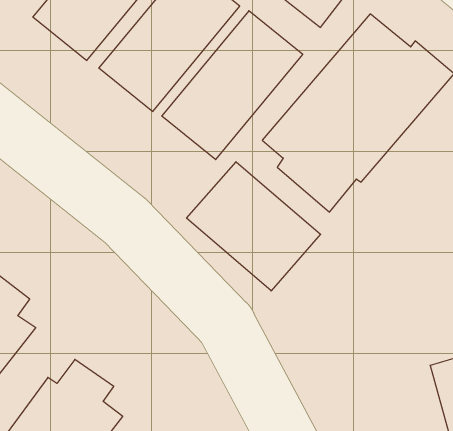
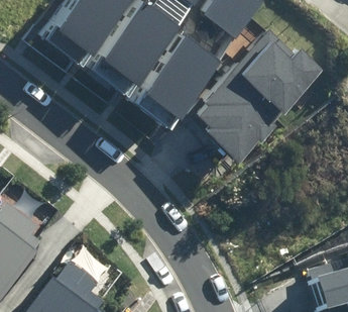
building: [187,162,321,291] -> none

